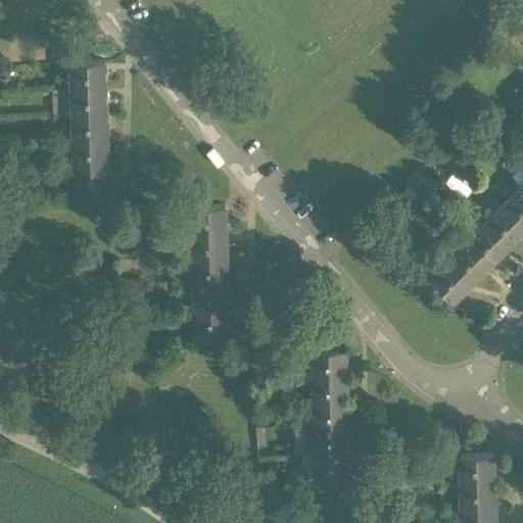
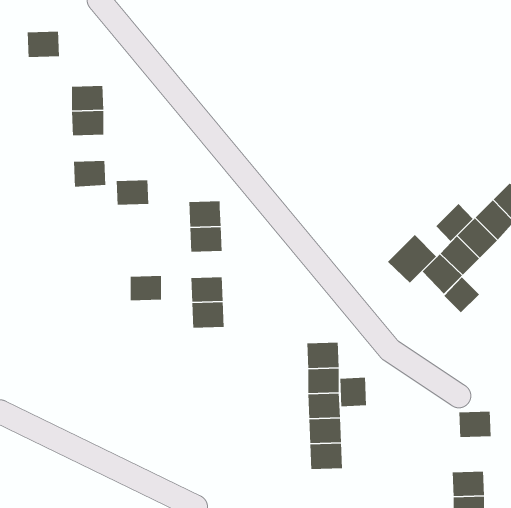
building: [73,64,106,92] -> [27,31,60,58]
building: [75,142,108,169] -> [116,180,149,206]
building: none -> [435,203,474,242]
building: none -> [387,234,437,283]
building: [195,260,228,287] -> [130,275,162,301]
building: none -> [443,277,480,313]
building: none -> [340,377,367,407]
building: [461,458,494,485] -> [458,411,491,438]

